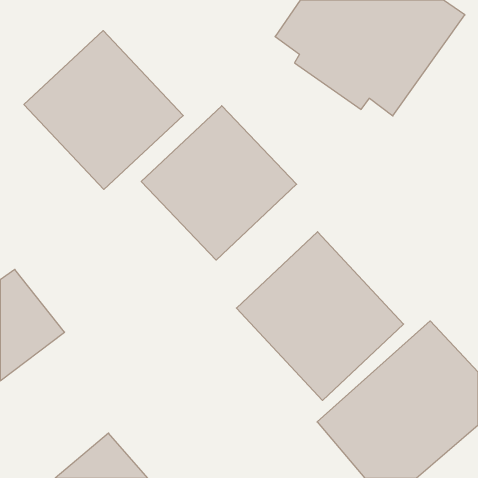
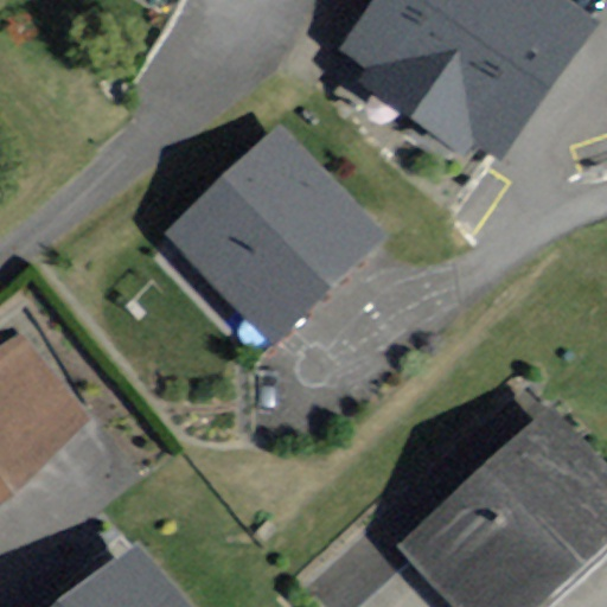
building: [24,31,183,189] -> none
building: [236,232,404,400] -> none

